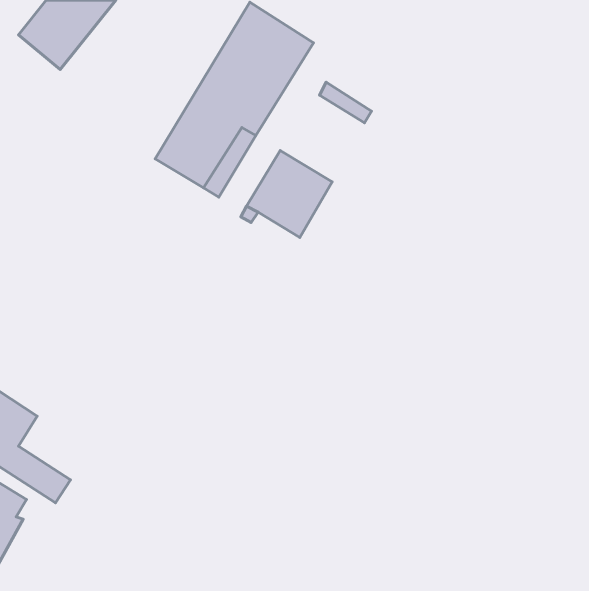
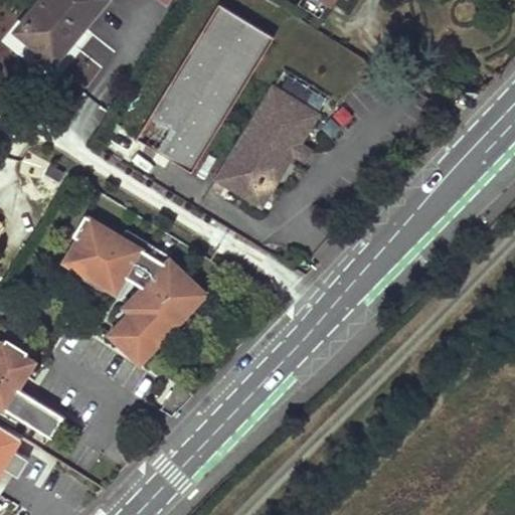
building: none -> [243,87,317,163]
building: none -> [62,217,208,365]

